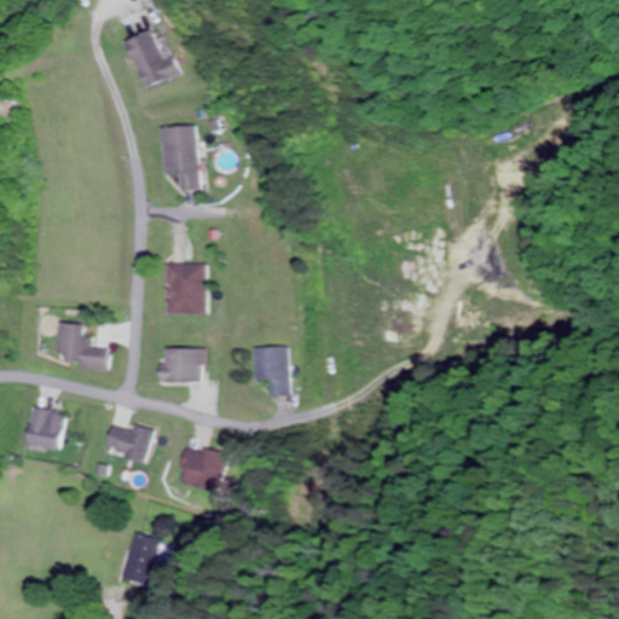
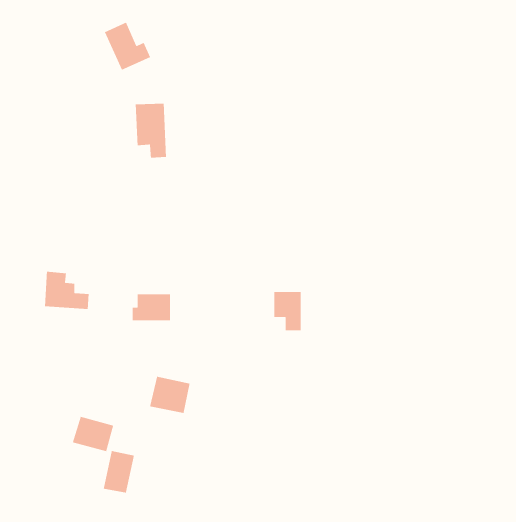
building: [164,264,206,314] -> none
building: [254,347,287,394] -> [274,291,301,331]
building: [24,407,64,450] -> none
building: [104,420,154,462] -> [72,416,114,452]

